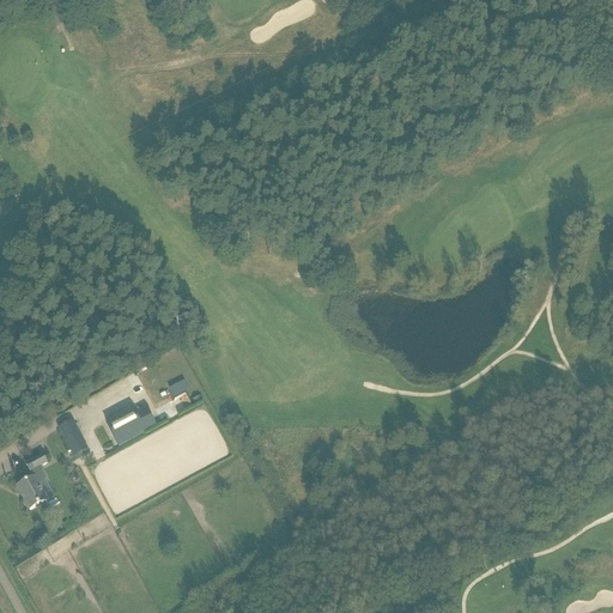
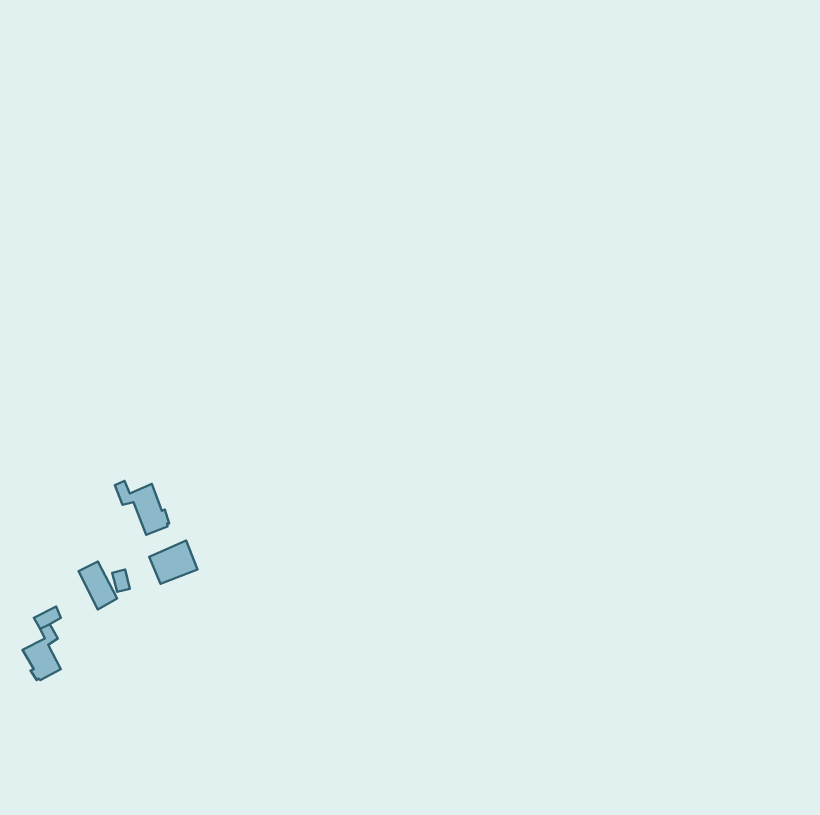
building: none -> [115,481,169,535]

